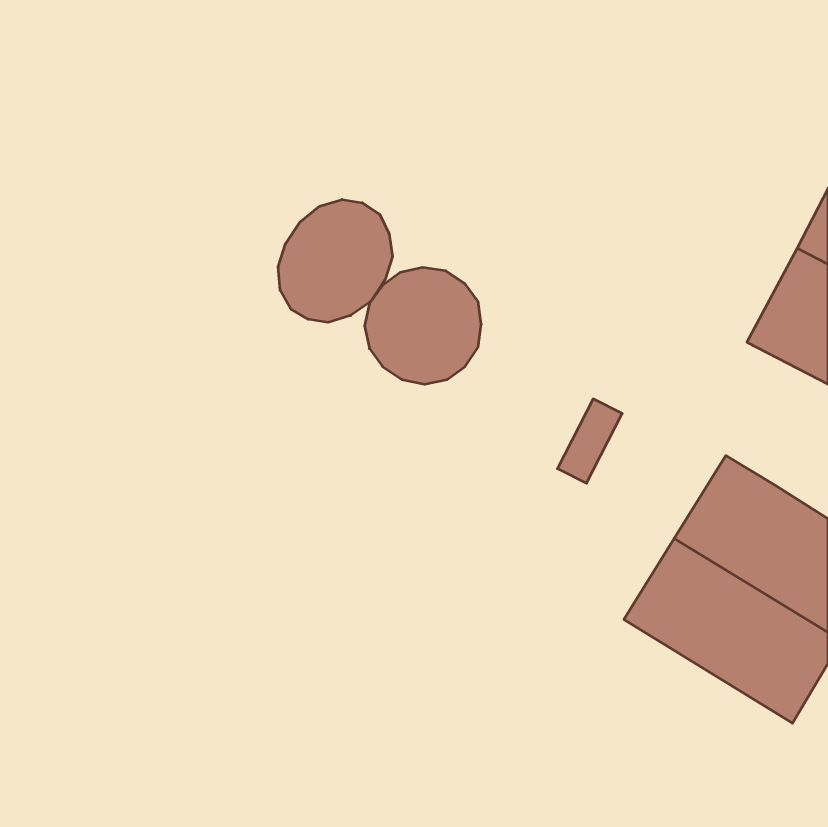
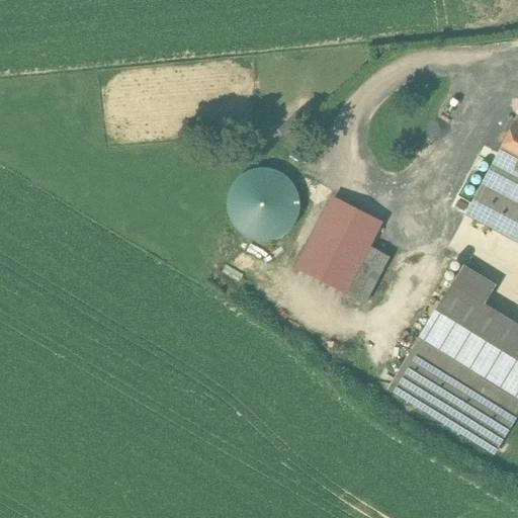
building: [278,199,392,322] -> none
building: none -> [299,201,379,288]
building: none -> [453,265,496,303]

